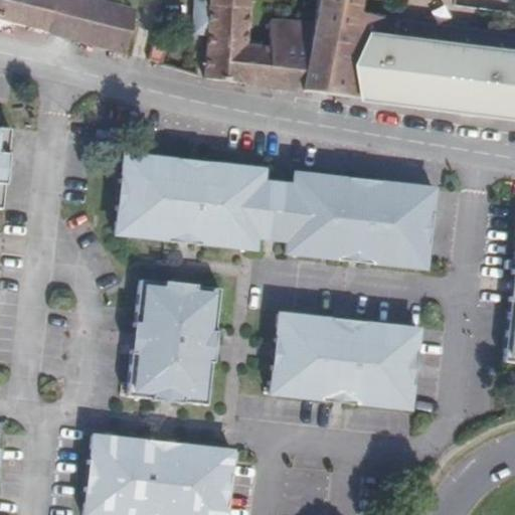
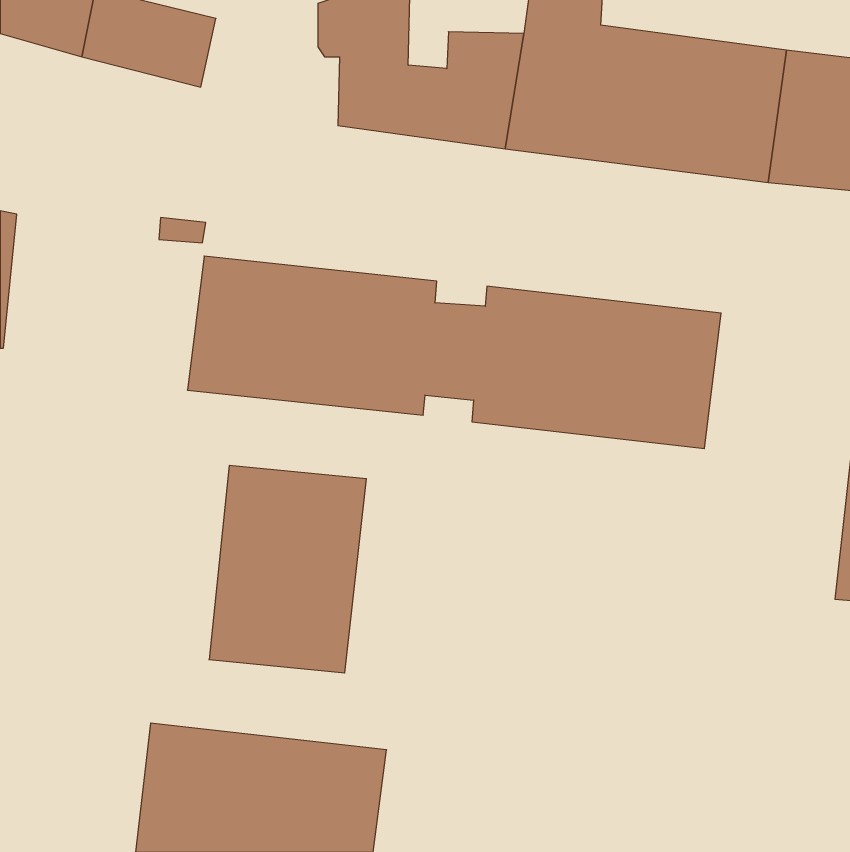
building: [271,312,420,408] -> none

